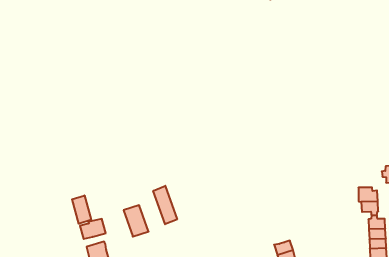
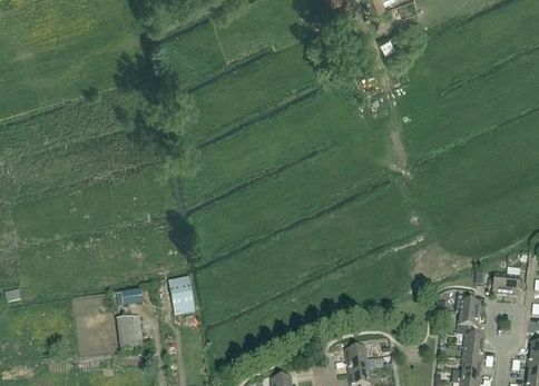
building: [153,186,177,224] -> none
building: [72,195,91,224] -> none

